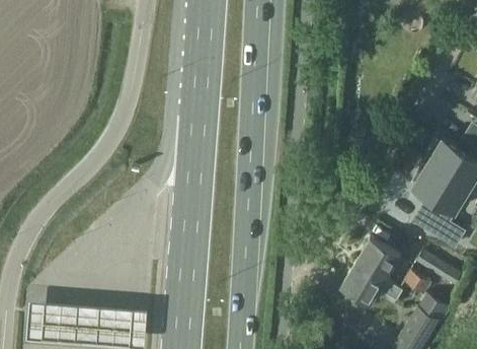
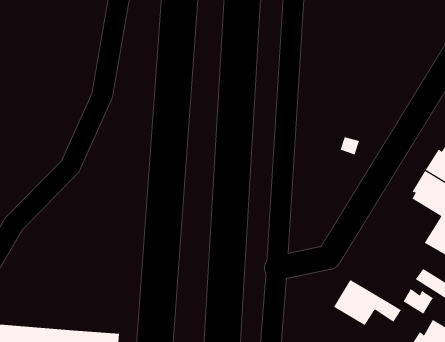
building: [356,237,401,281] -> none

